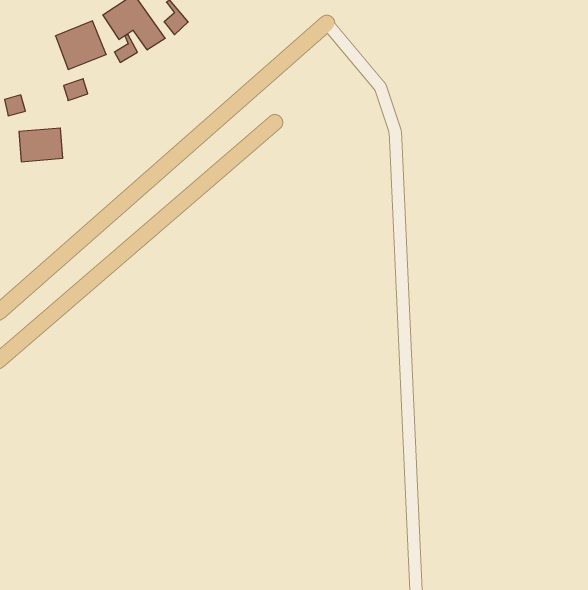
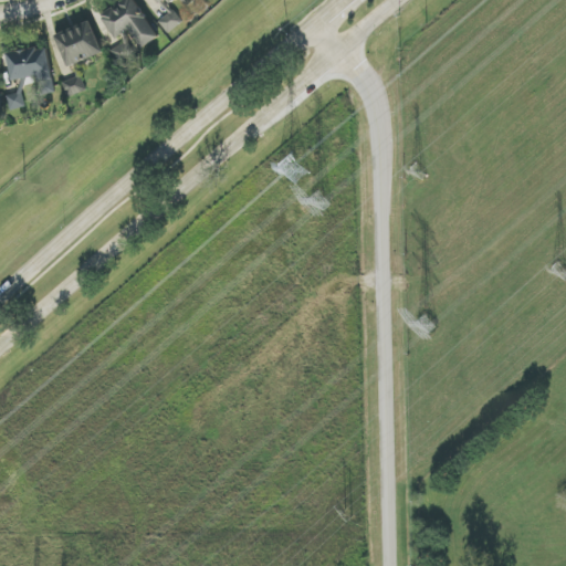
building: [19,128,63,162] -> [7,48,49,80]

